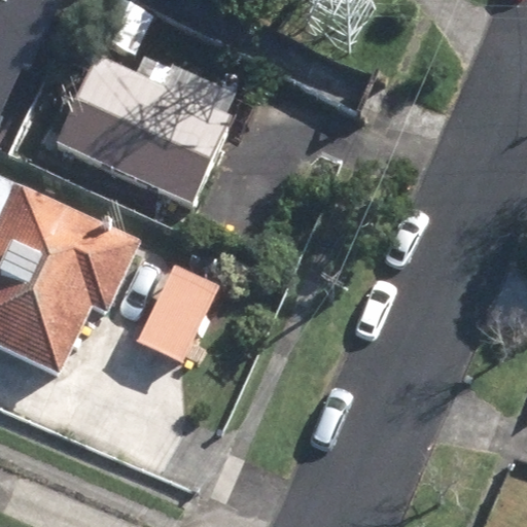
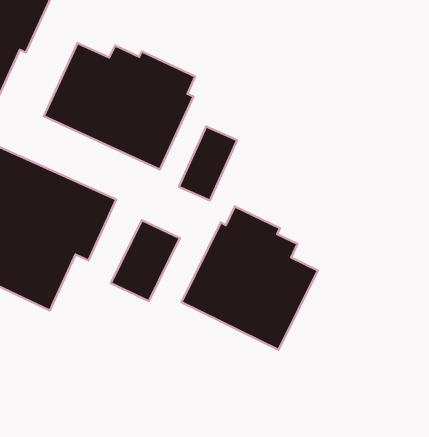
building: none -> [182,207,318,350]

